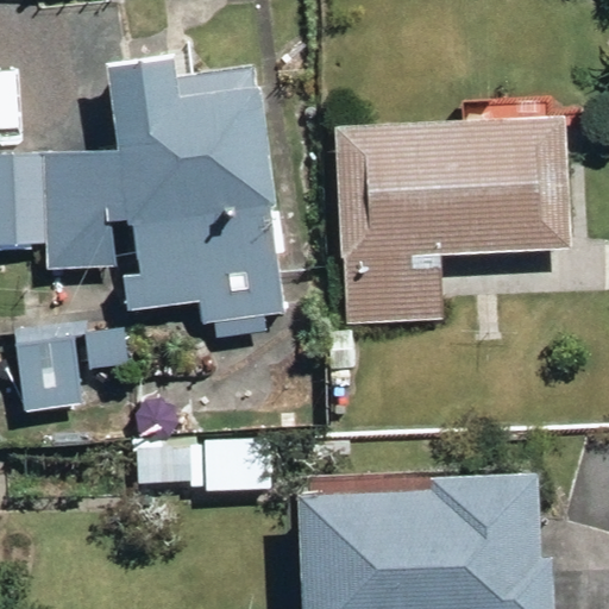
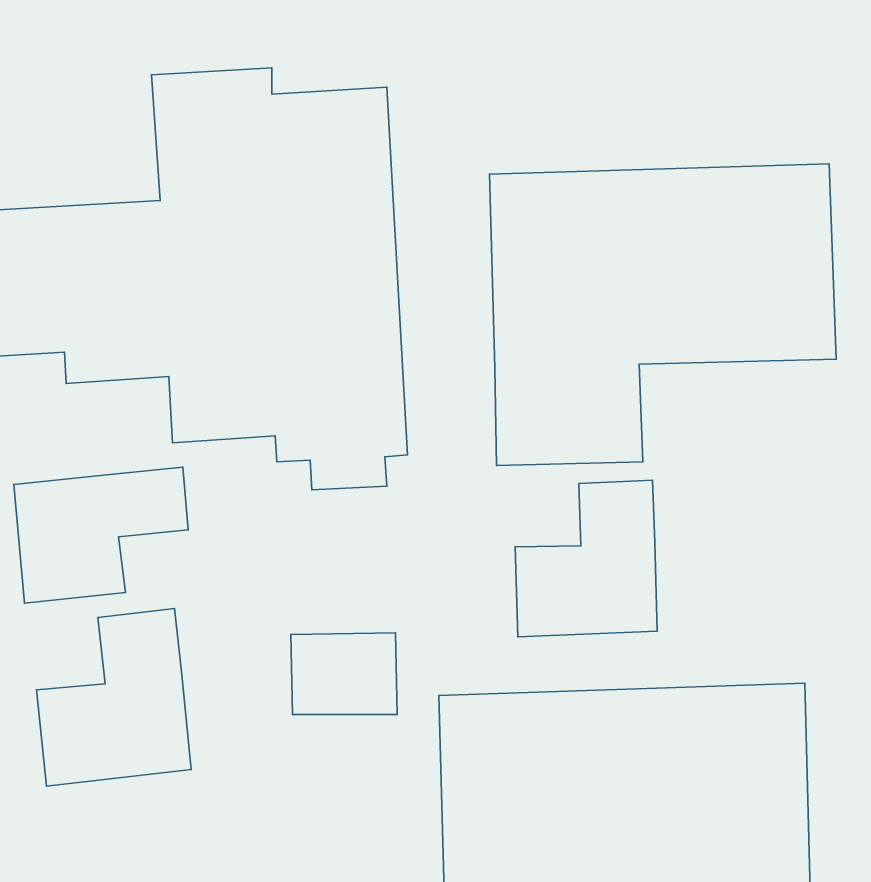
building: none -> [515,480,657,637]
building: none -> [37,608,191,786]

